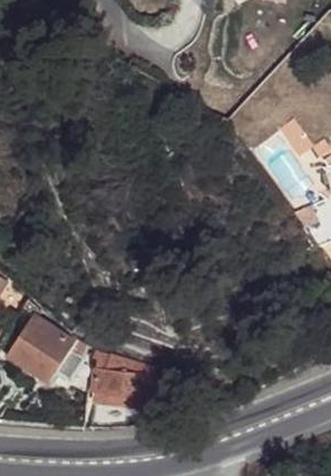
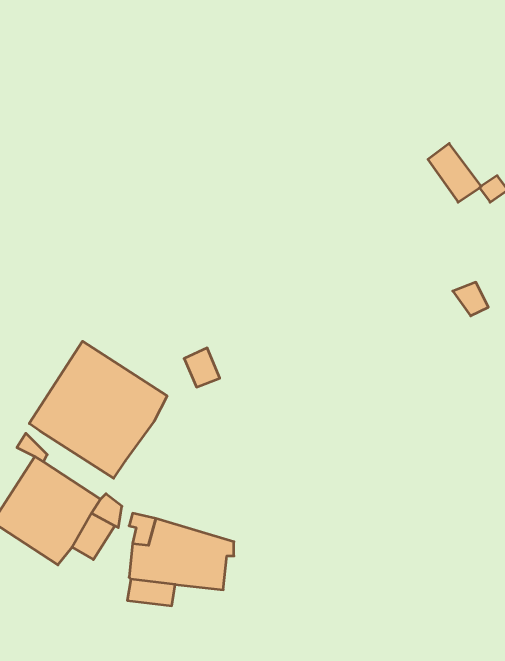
building: none -> [29,341,167,478]

